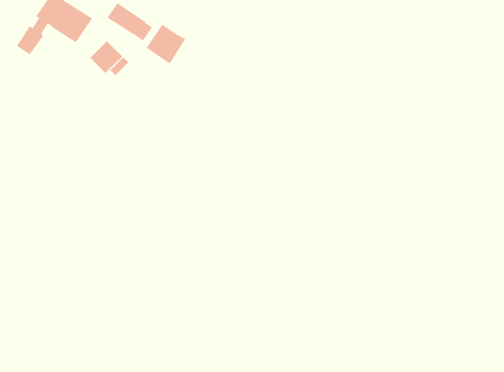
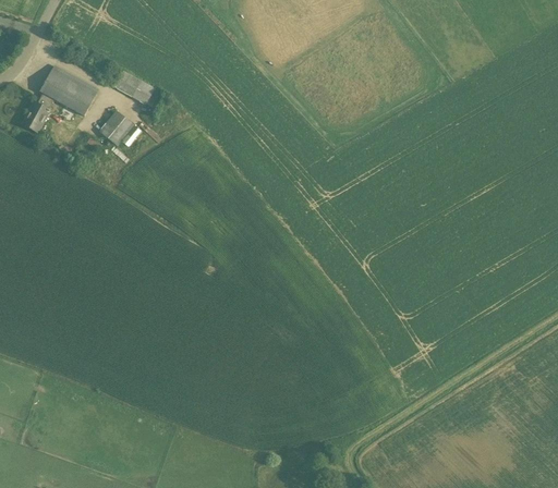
building: [146,24,186,64] -> none

